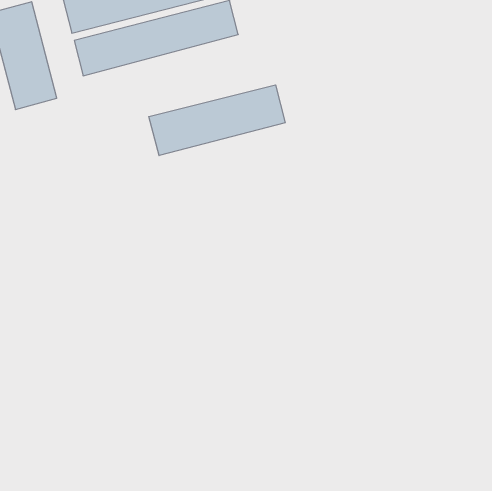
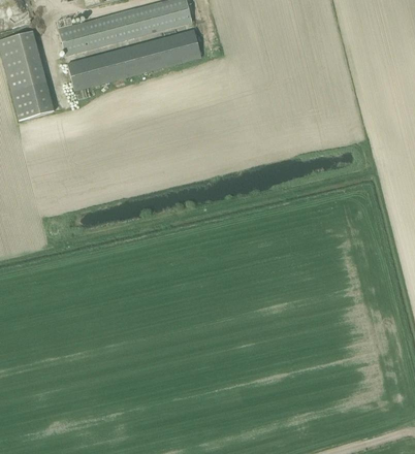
building: [149,85,285,156] -> none

